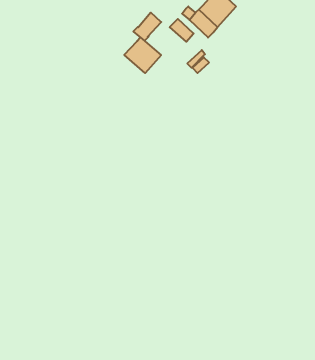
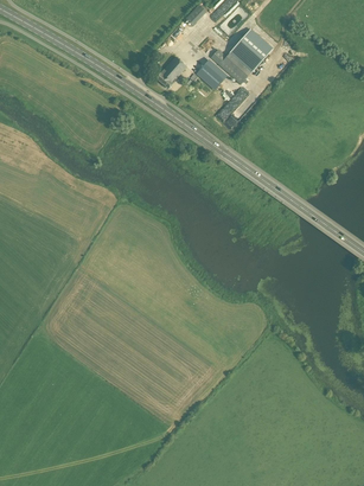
building: [124,37,161,73] -> none

